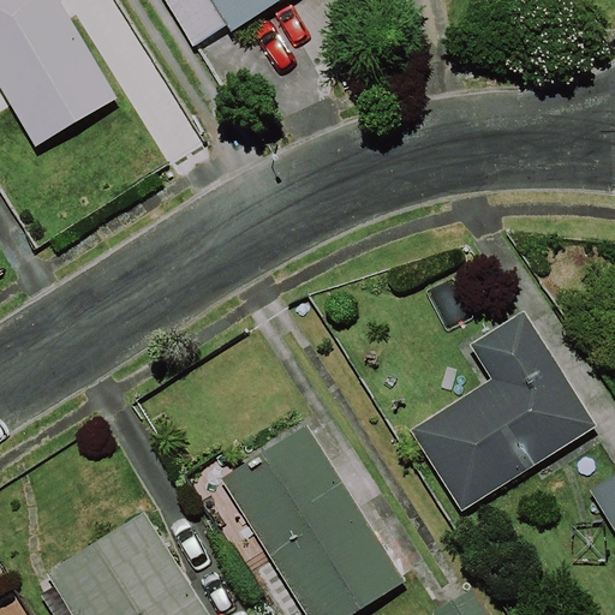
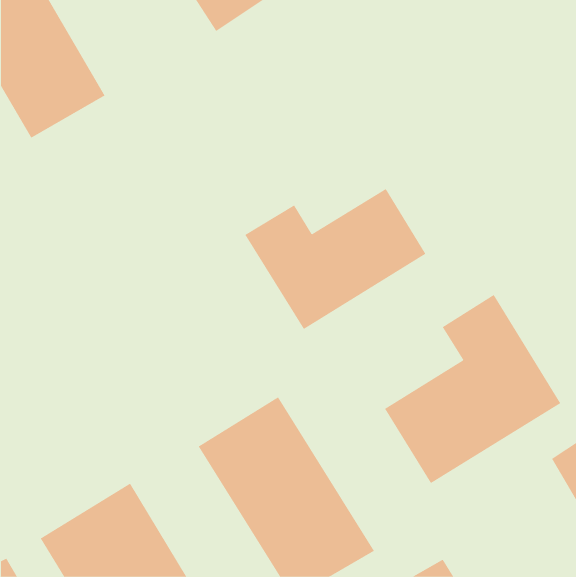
building: none -> [245,188,426,330]

